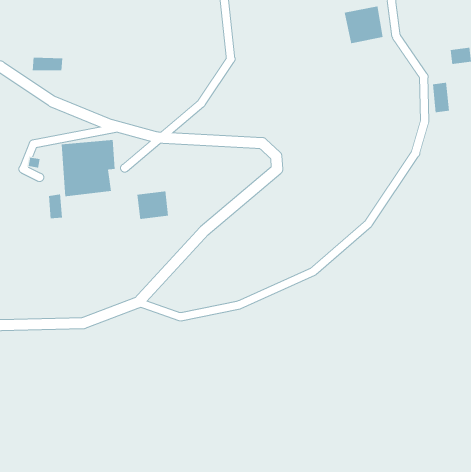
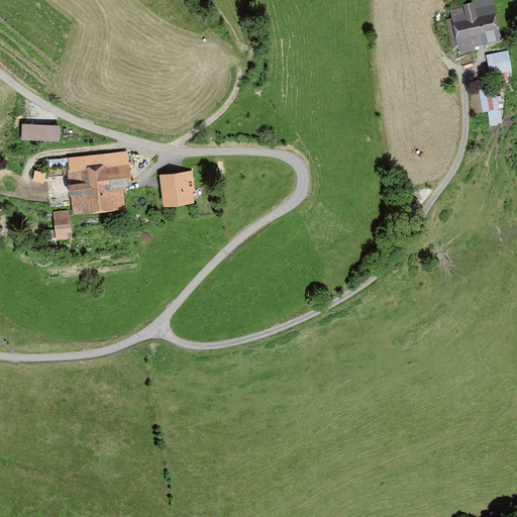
building: [344,6,384,44] -> [451,6,495,47]
building: [32,57,63,71] -> [24,124,59,139]
building: [137,191,169,219] -> [159,173,194,204]

